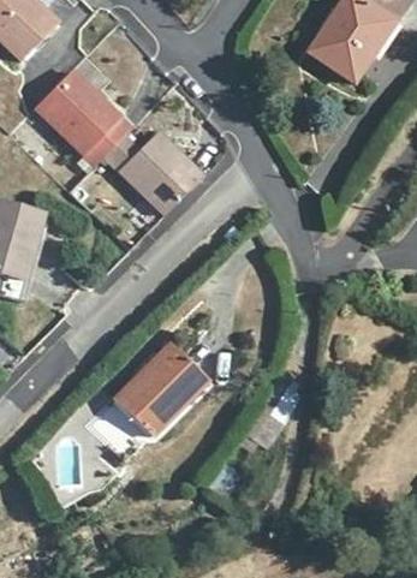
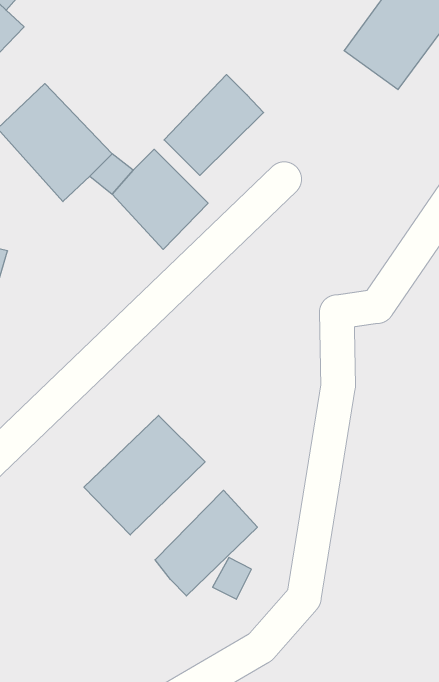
building: none -> [164,75,264,175]
building: none -> [155,490,257,596]

